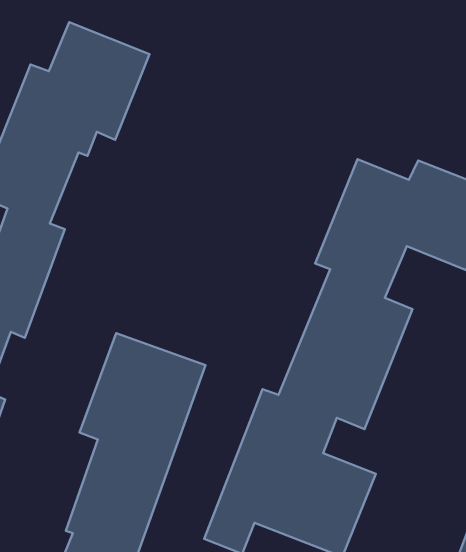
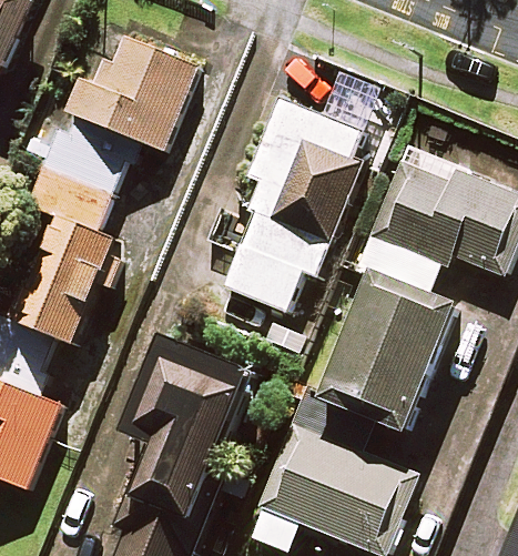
building: none -> [223,100,370,335]

